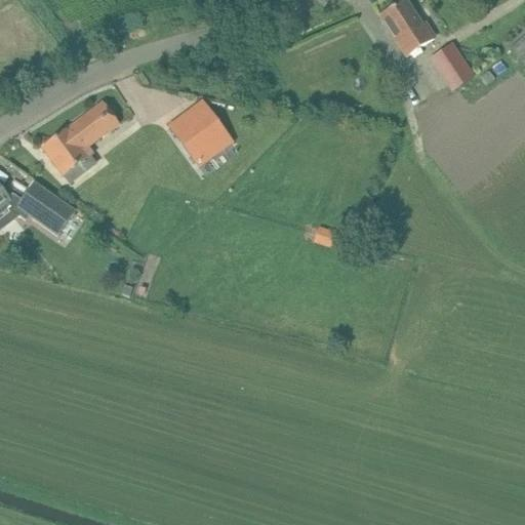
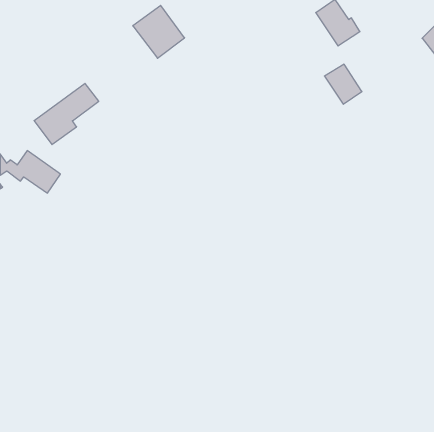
building: [430,42,475,90] -> [324,64,362,104]
building: [169,100,232,164] -> [133,5,185,58]

